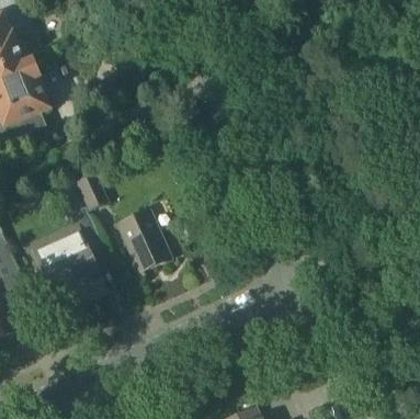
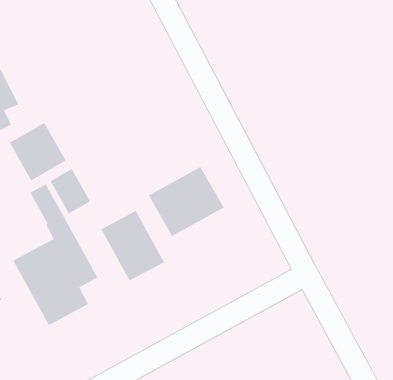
building: none -> [9,122,66,181]
building: none -> [148,166,224,237]

